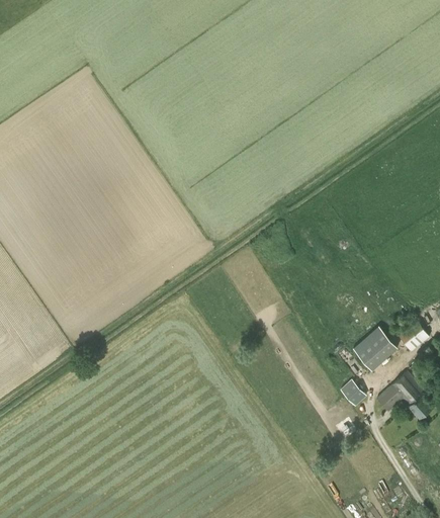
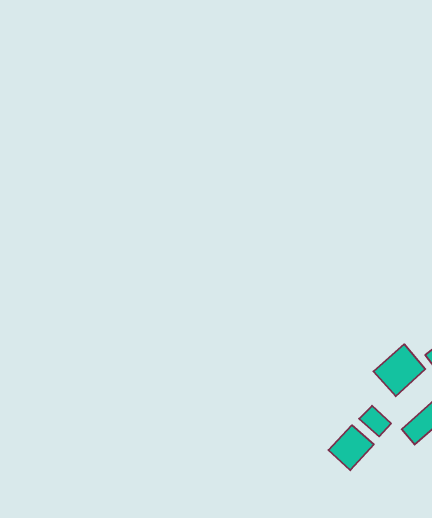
building: none -> [328,425,374,470]

